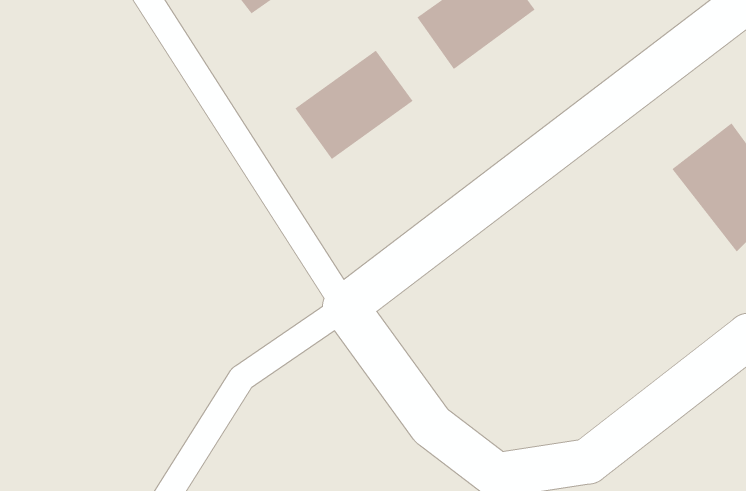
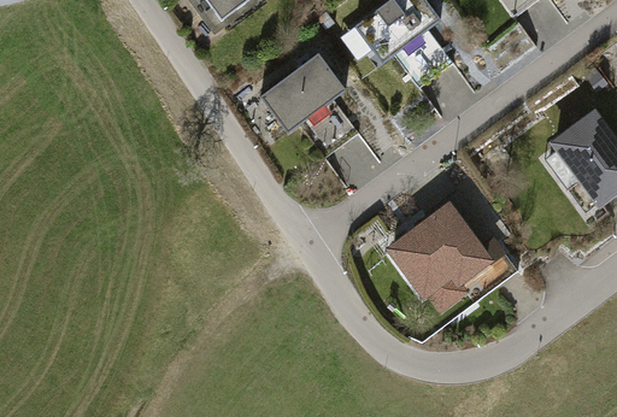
building: none -> [389,192,495,301]

